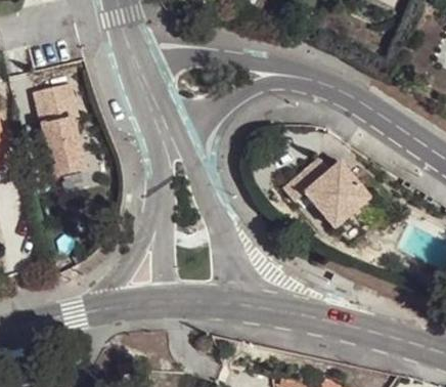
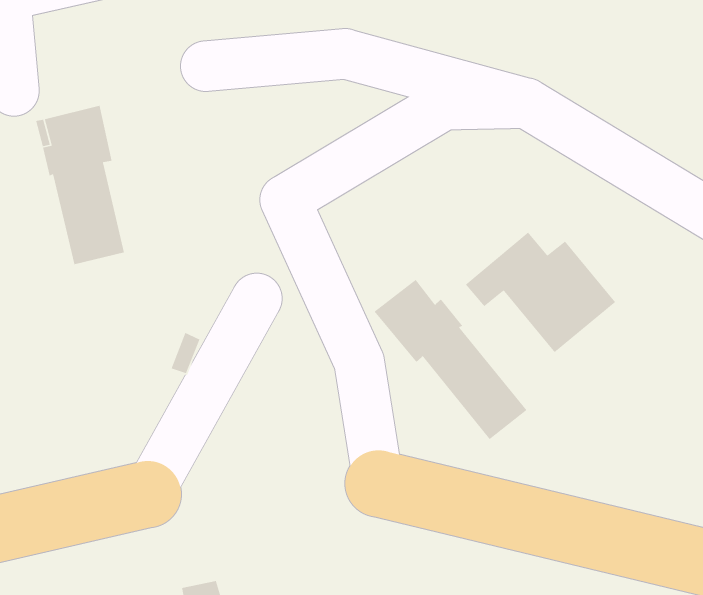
building: none -> [374,279,527,440]

